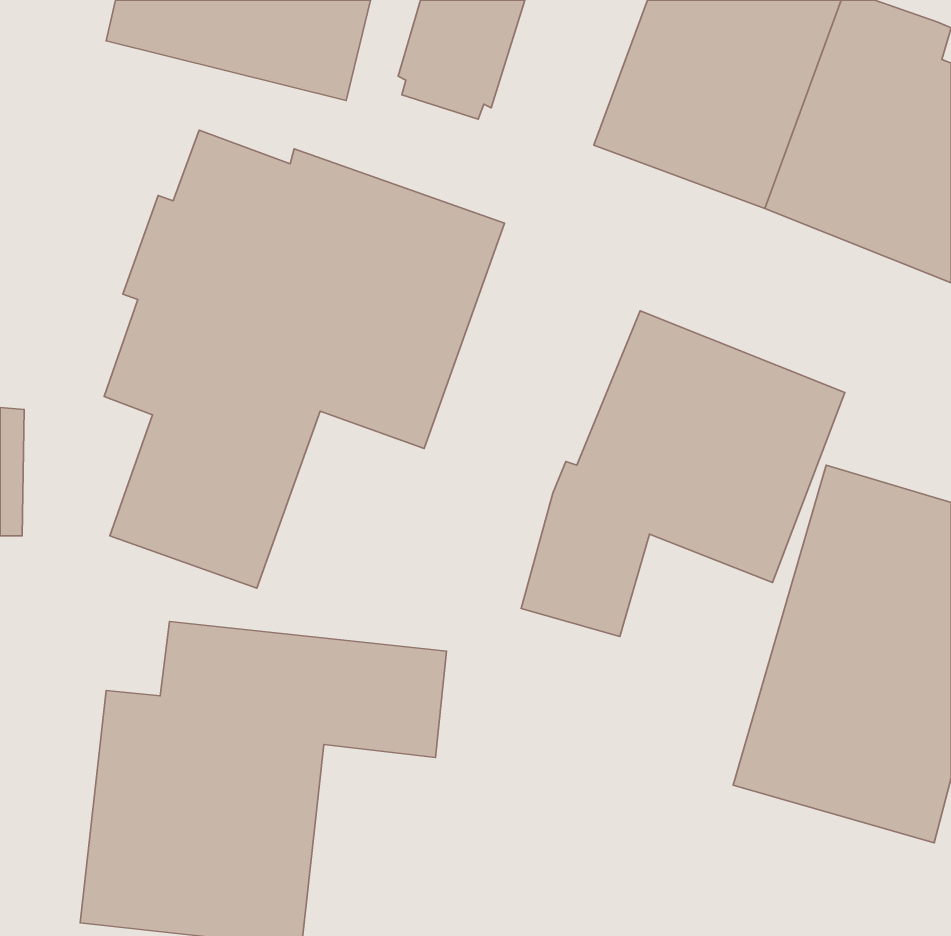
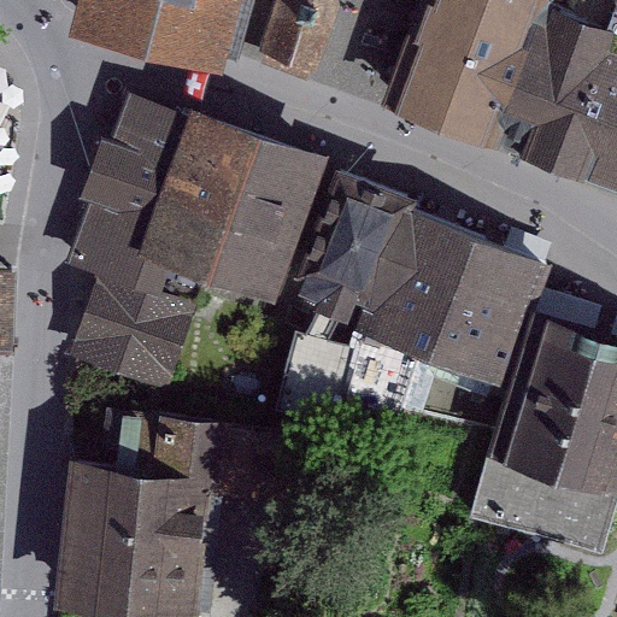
building: none -> [277,168,418,422]

